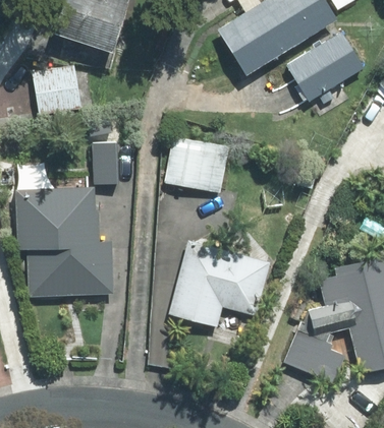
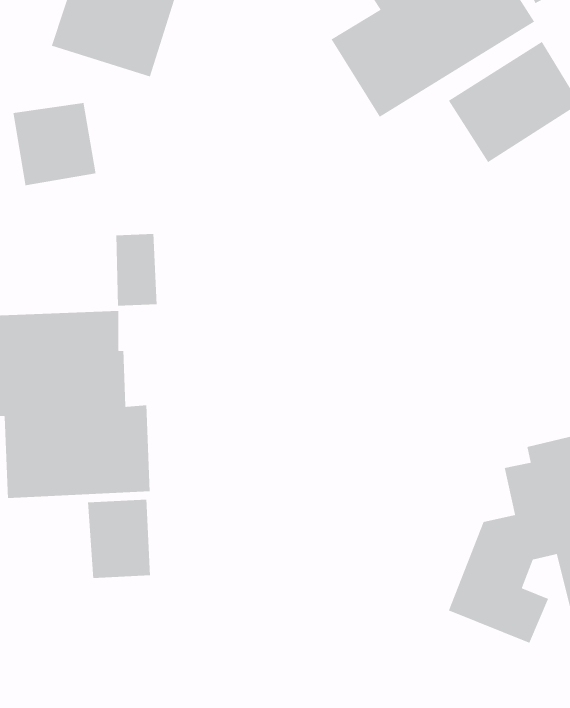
building: [165,137,228,192] -> none
building: [169,231,270,327] -> none
building: none -> [87,499,151,579]

